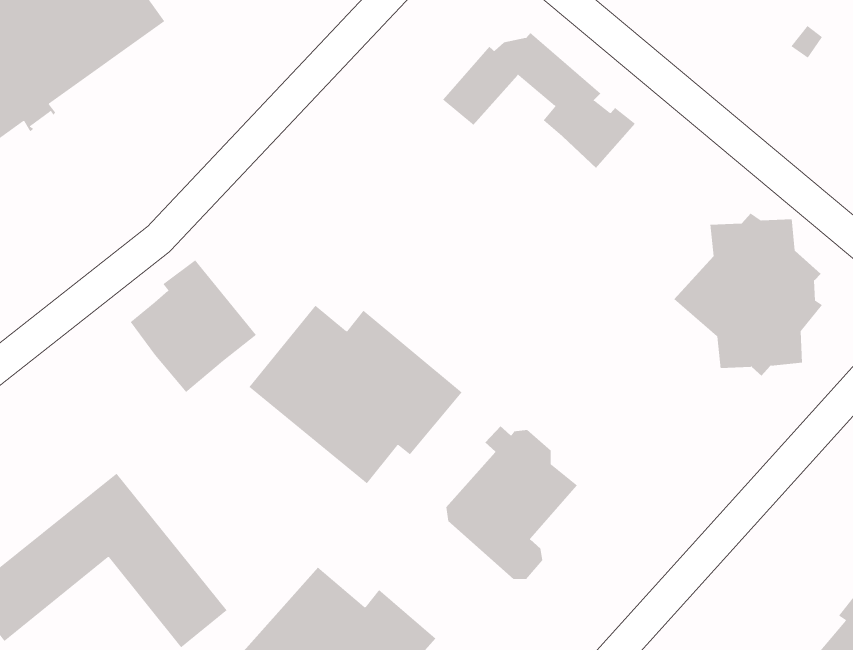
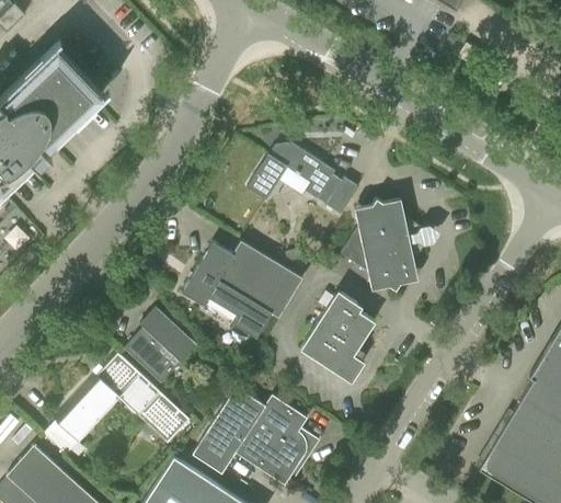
building: [442,32,636,169] -> [248,144,358,215]
building: [673,213,823,376] -> [341,199,425,290]
building: [130,260,257,393] -> [125,309,197,385]

